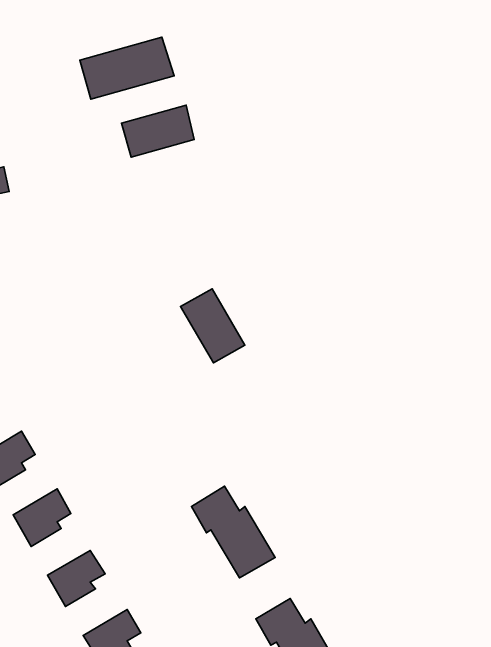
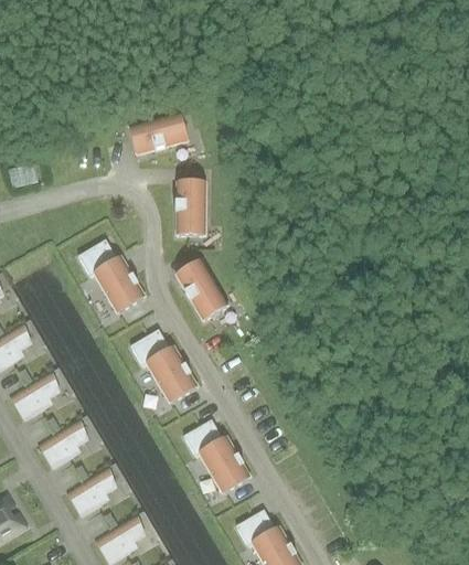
building: [80,37,174,99] -> none
building: none -> [175,182,205,235]
building: none -> [78,239,146,312]
building: none -> [130,330,199,403]

